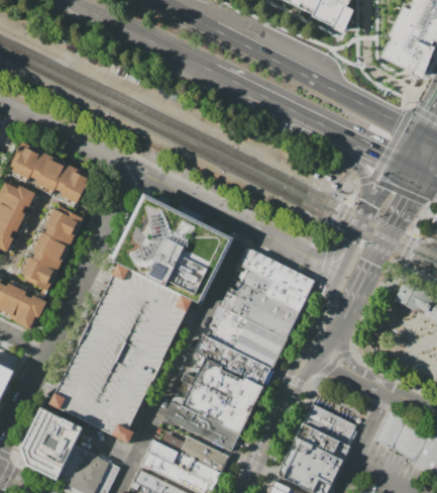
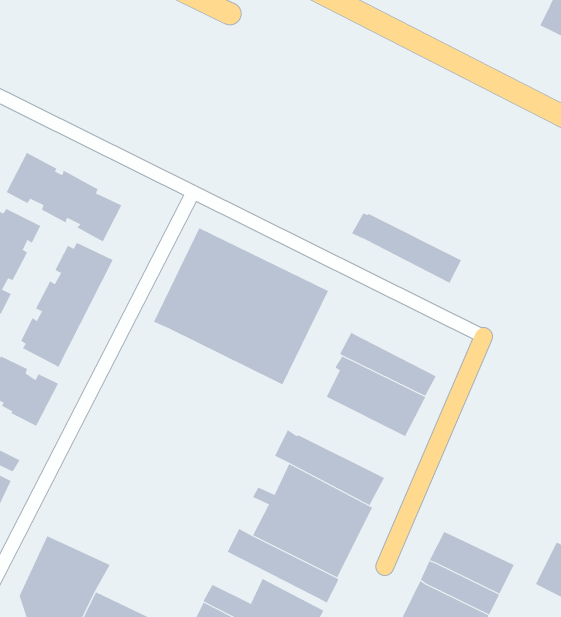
building: [238,249,314,297] -> [351,213,462,284]
building: [52,265,195,445] -> none
building: [210,308,285,367] -> none

